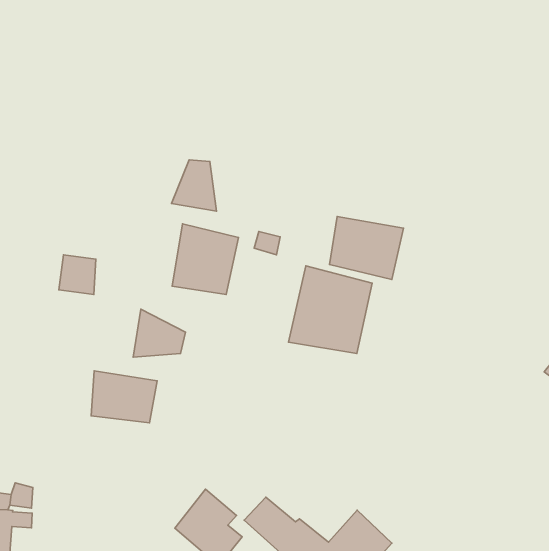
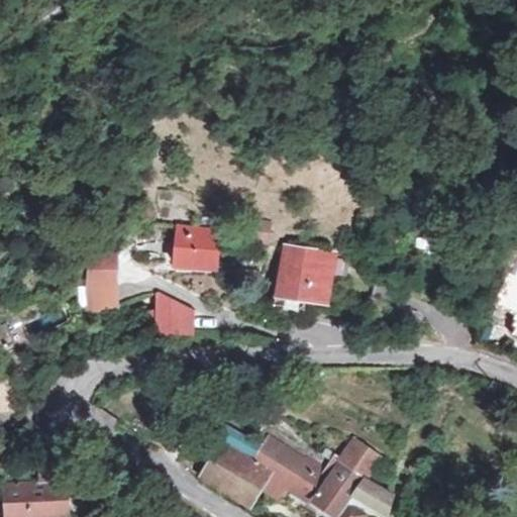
building: [172,160,217,211] -> none
building: [330,217,403,279] -> none
building: [91,371,157,423] -> none

